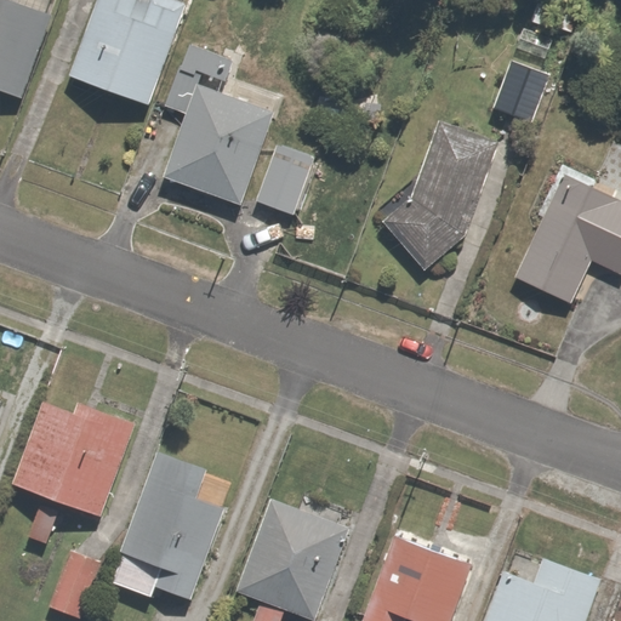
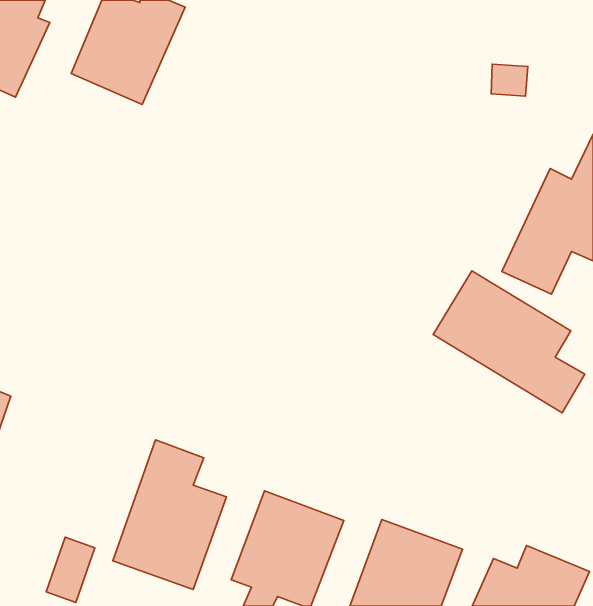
building: [161,46,310,216] -> none
building: [380,126,497,278] -> none
building: none -> [433,271,585,413]
building: [10,393,135,518] -> none

